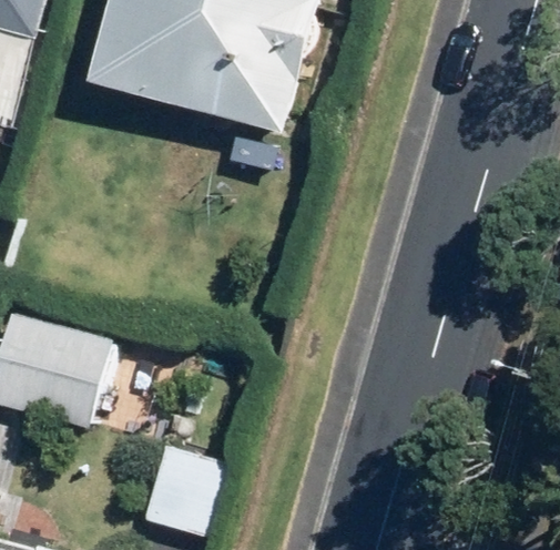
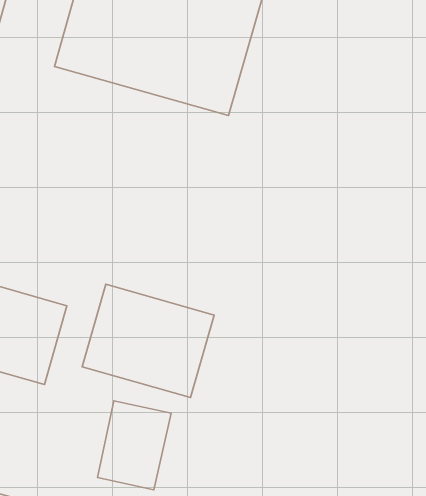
building: none -> [82,284,214,398]

